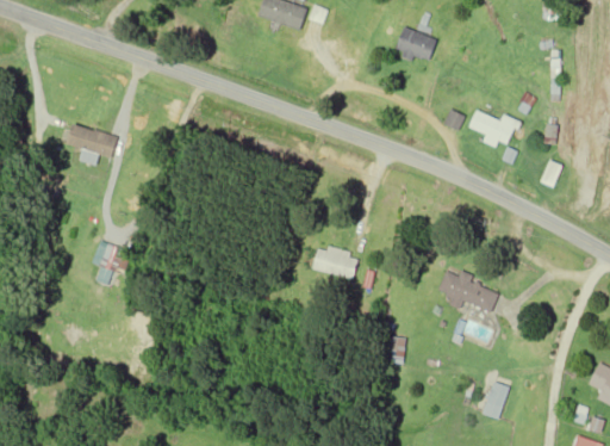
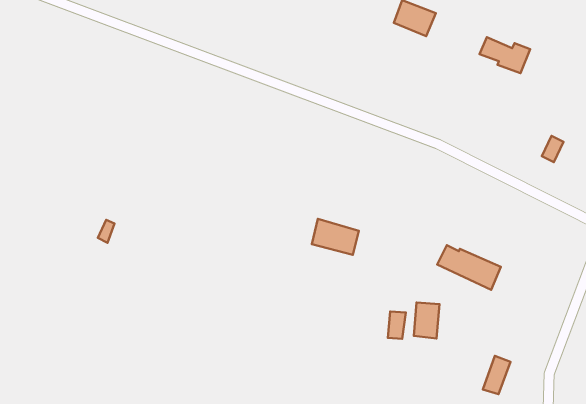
building: [467,111,517,147] -> [480,37,530,73]
building: [63,124,114,165] -> none
building: none -> [414,303,440,338]

